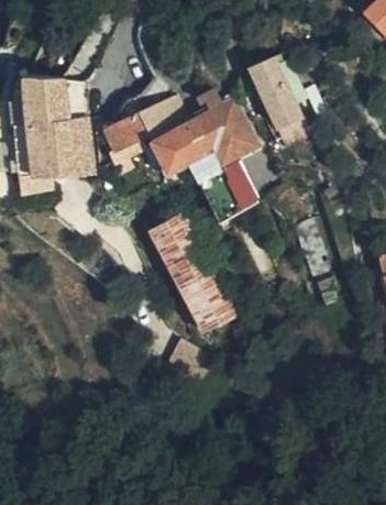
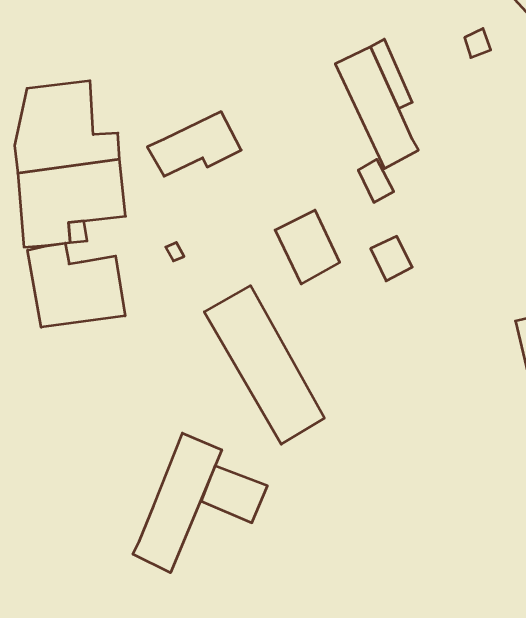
building: [153,90,254,164] -> none
building: none -> [28,243,125,327]
building: none -> [133,433,222,573]

